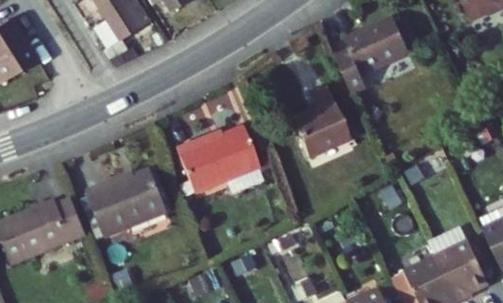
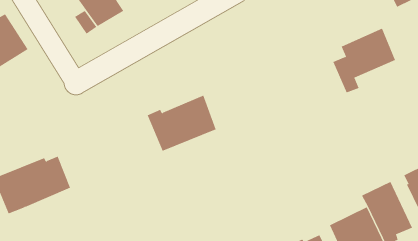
building: [336,17,411,94] -> [332,28,396,93]
building: [292,87,349,155] -> none
building: [88,168,169,235] -> none

